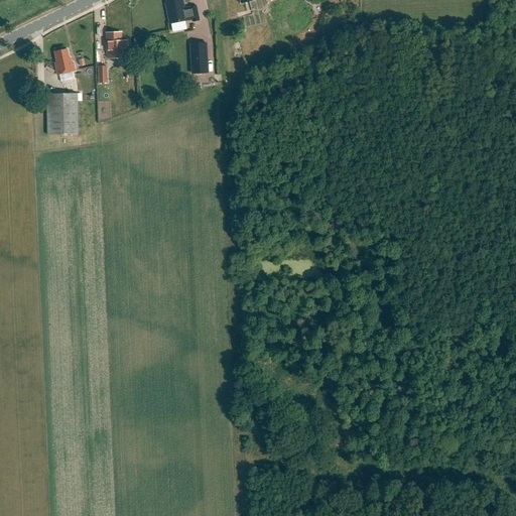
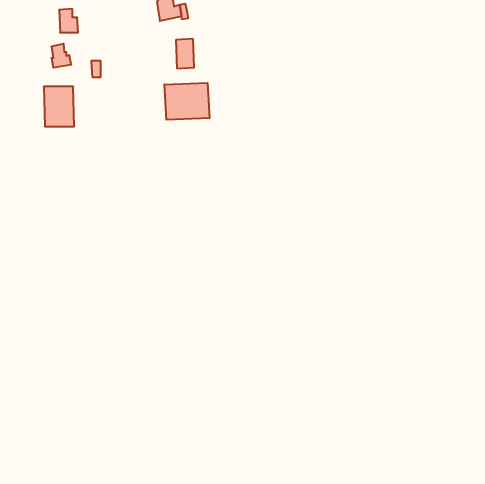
building: [106,31,126,56] -> [59,9,78,33]
building: none -> [164,83,209,120]

